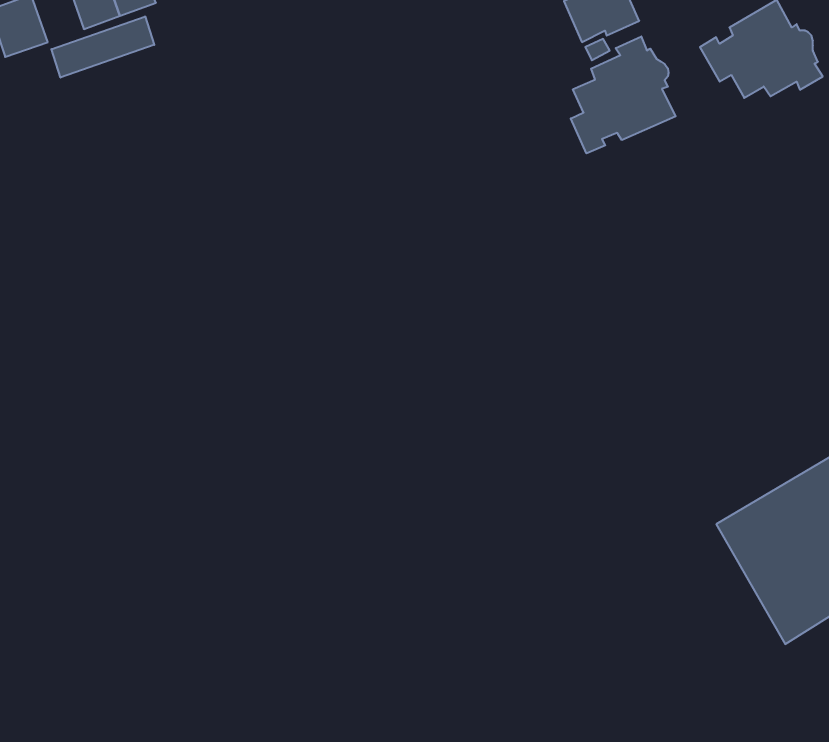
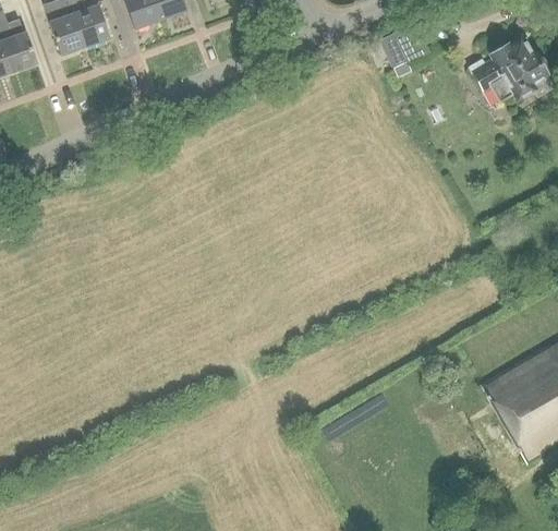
building: [51,16,154,78] -> none
building: [571,36,676,153] -> none

